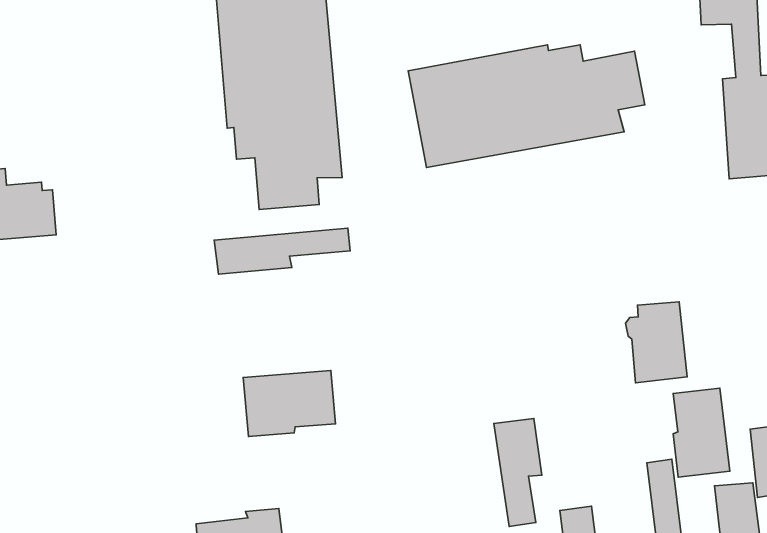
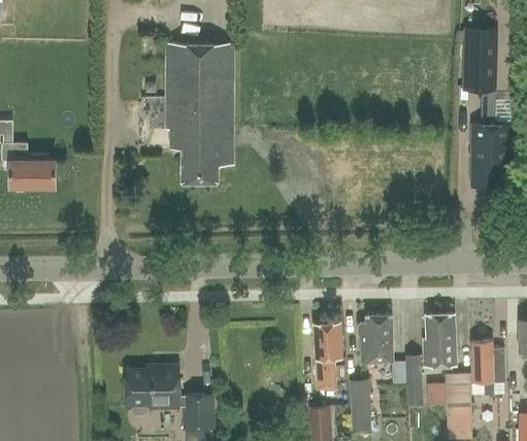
building: [408,45,645,168] -> none
building: [214,228,350,274] -> none
building: [625,302,687,383] -> [358,315,393,363]
building: [243,370,335,437] -> none

